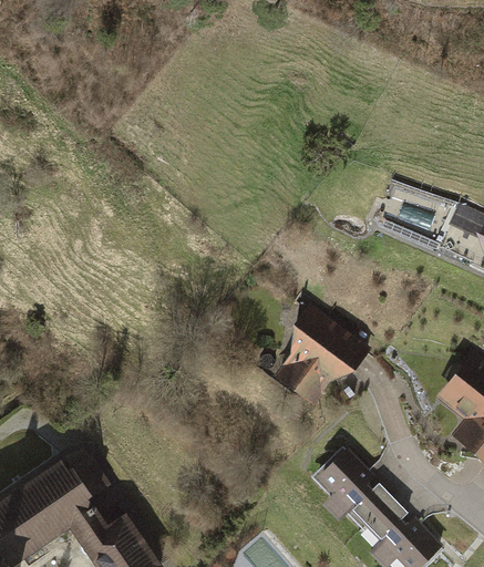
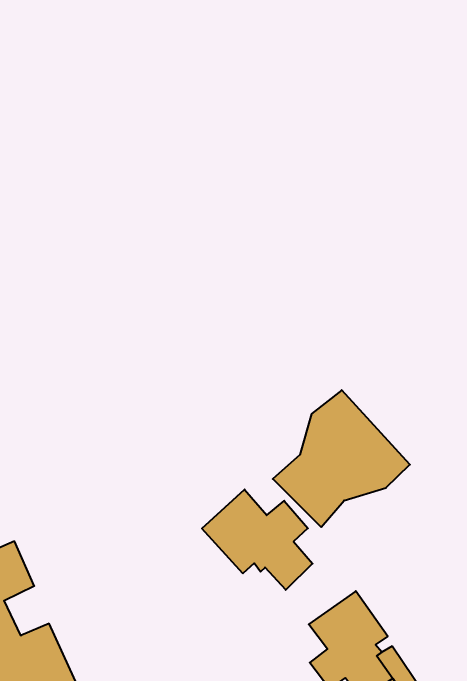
building: none -> [202,489,313,590]

